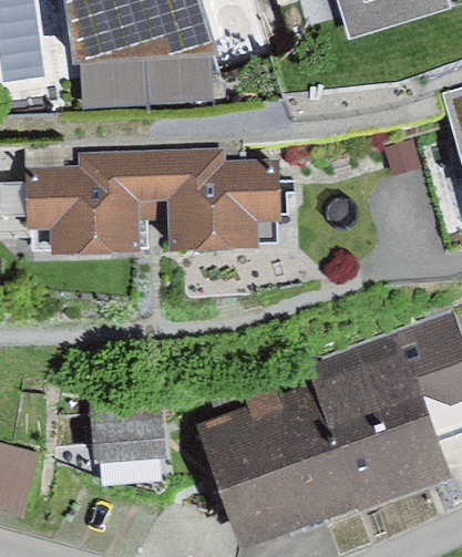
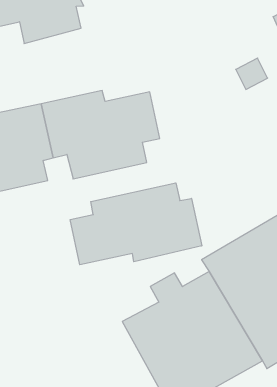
building: none -> [70,183,202,265]
building: [90,399,164,458] -> none

